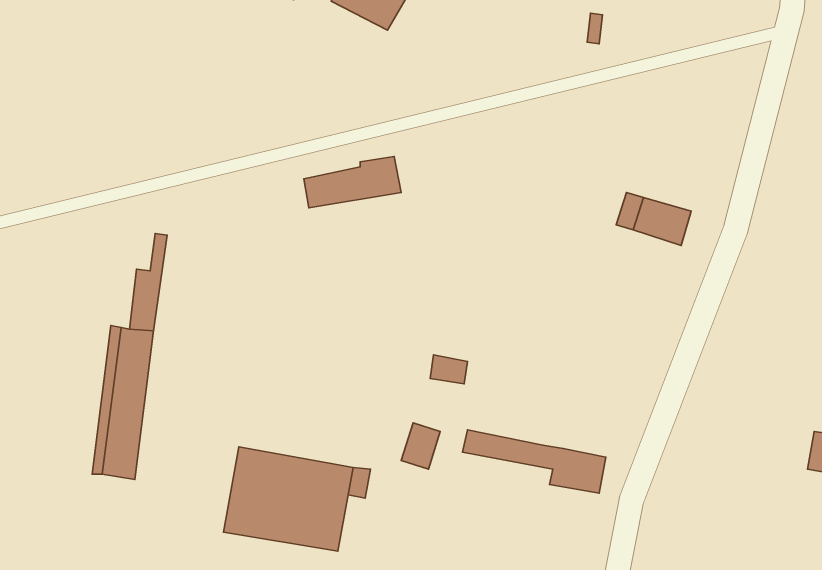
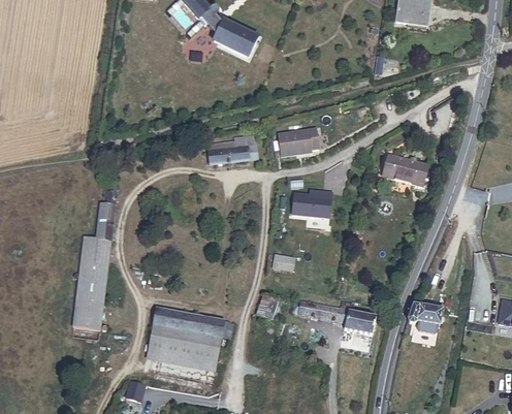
building: none -> [276,123,317,152]
building: none -> [296,192,334,220]
building: none -> [411,301,446,328]

